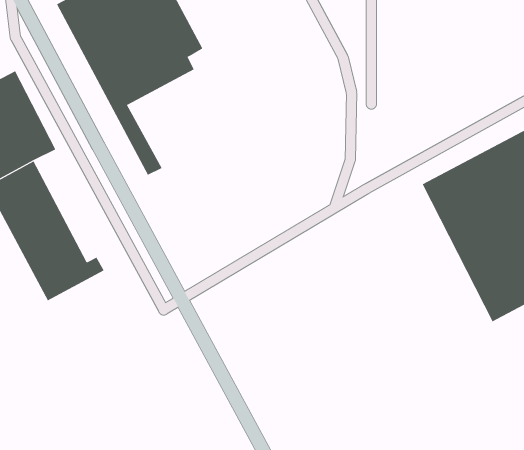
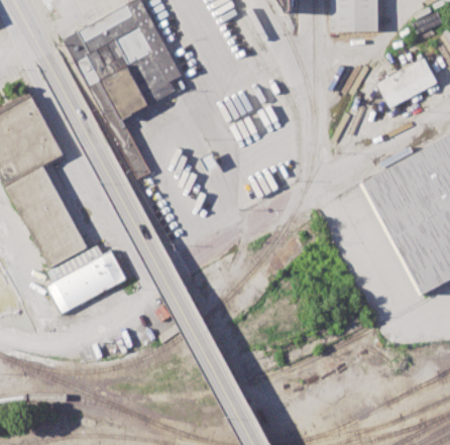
building: none -> [376,59,438,106]
building: none -> [44,250,125,314]

